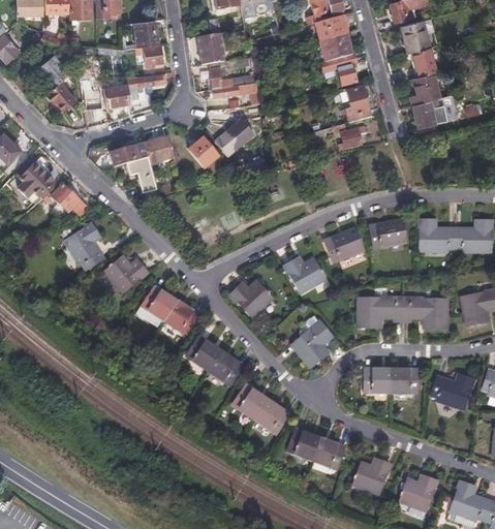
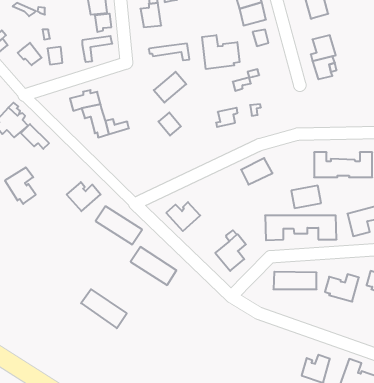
building: [413,46,438,76] -> none
building: [37,56,69,89] -> none
building: [207,66,230,90] -> none
building: none -> [202,35,240,69]
building: [102,85,129,107] -> none
building: [349,87,373,121] -> none
building: [341,126,368,150] -> [216,108,238,127]
building: [145,137,176,164] -> none
building: [189,138,217,167] -> [158,112,181,136]
building: [368,219,405,247] -> [291,186,321,208]
building: [67,224,105,270] -> [5,167,36,204]
building: [283,257,323,292] -> none
building: [233,385,289,434] -> [81,289,127,328]
building: [287,429,345,467] -> none
building: [355,457,392,492] -> none

